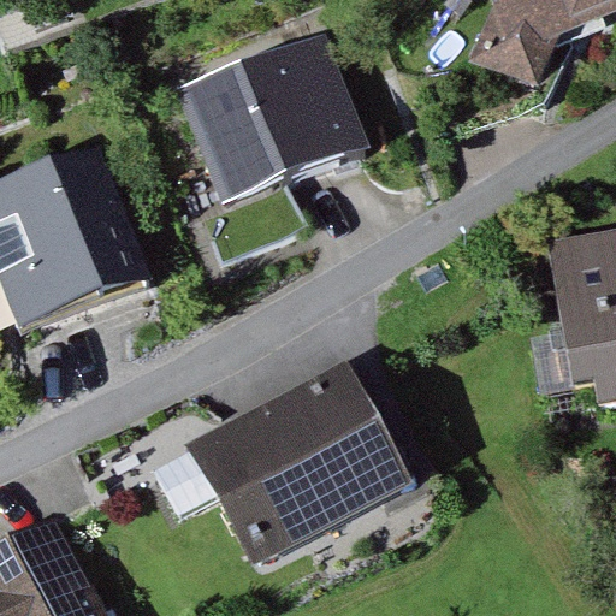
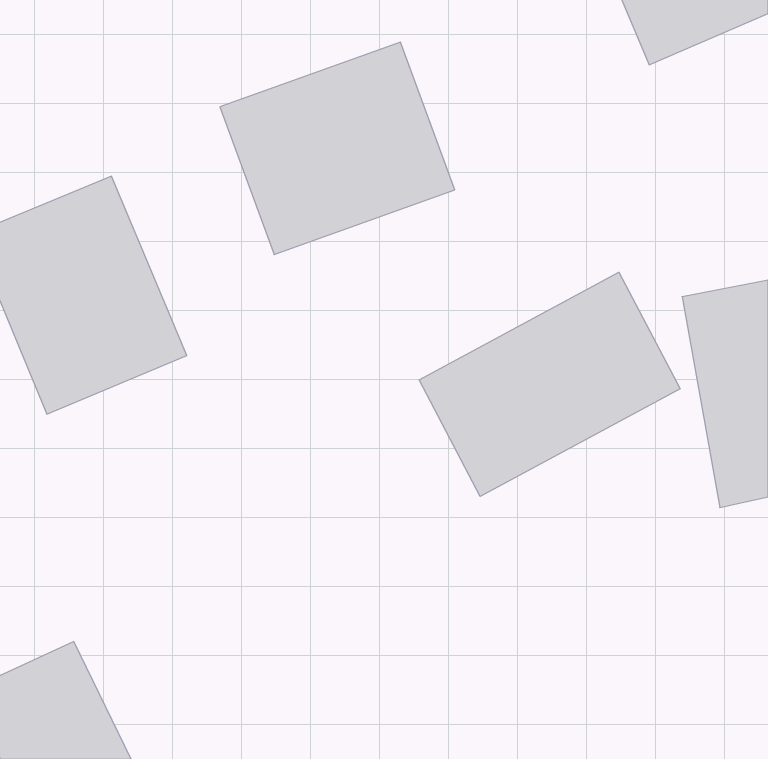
building: none -> [419,272,680,496]
building: [190,360,415,573] -> none

